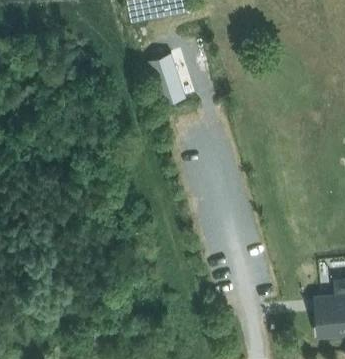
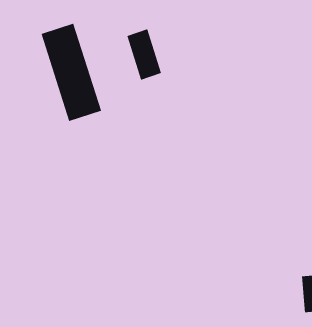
building: none -> [41,23,102,122]

